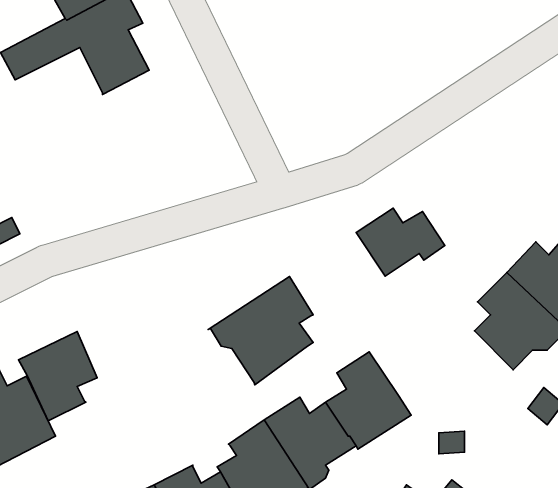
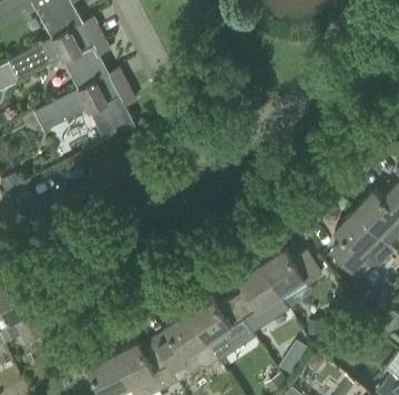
building: none -> [33,69,136,141]
building: [356,208,445,276] -> [260,249,321,295]
building: [208,276,313,385] -> none
building: [19,331,97,421] -> none

